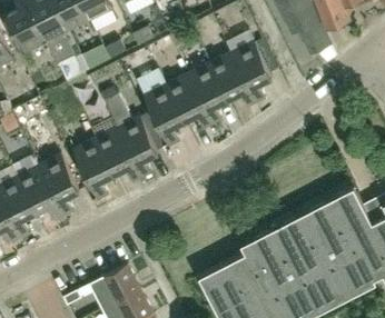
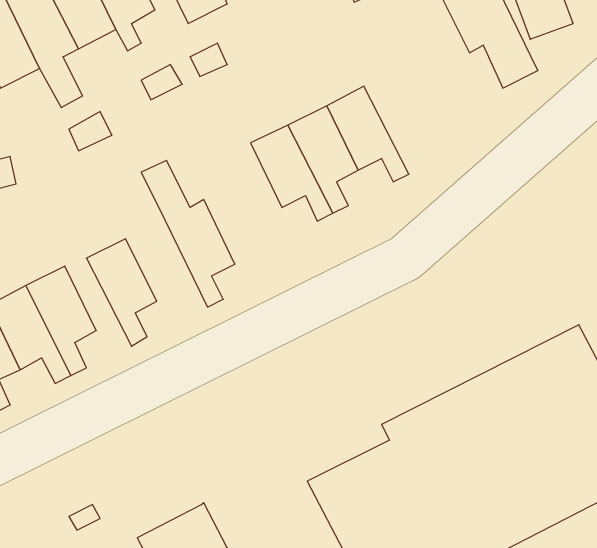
building: [231,41,273,102] -> none
building: [145,85,185,147] -> none
building: [96,128,142,182] -> none
building: [89,264,140,309] -> none

